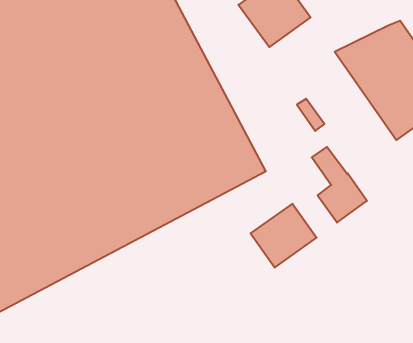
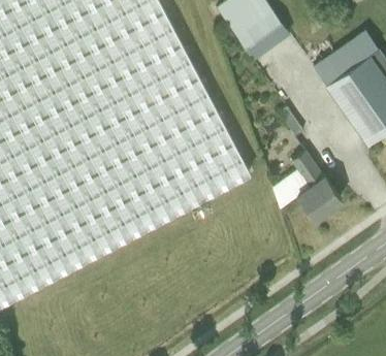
building: [251,204,317,268] -> none

